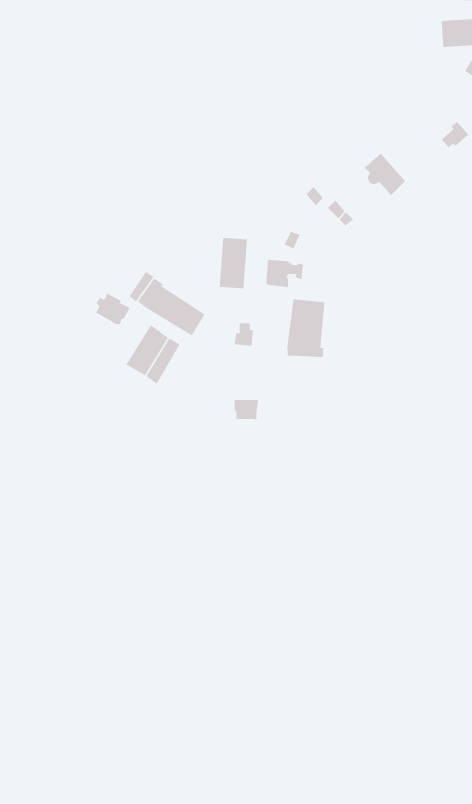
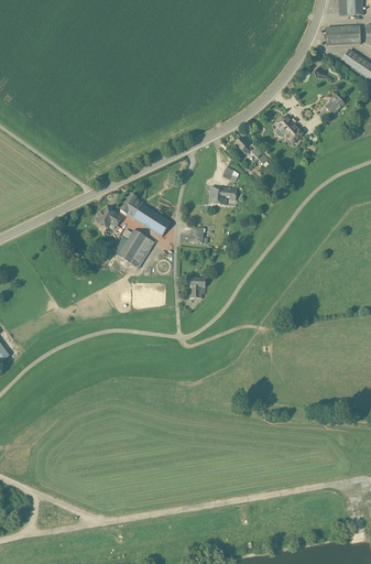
building: [219,237,247,289] -> none
building: [287,299,325,358] -> none

